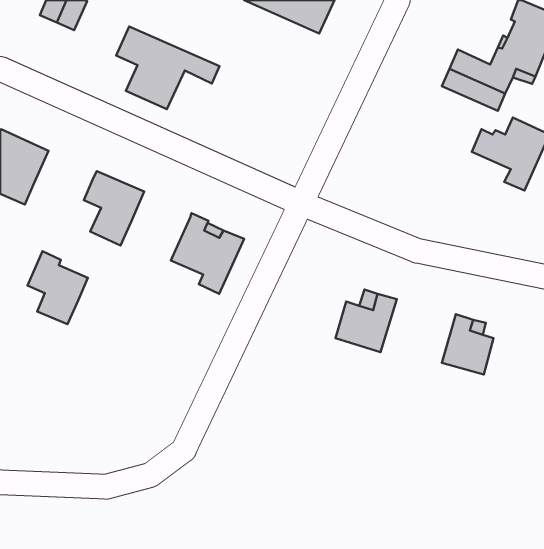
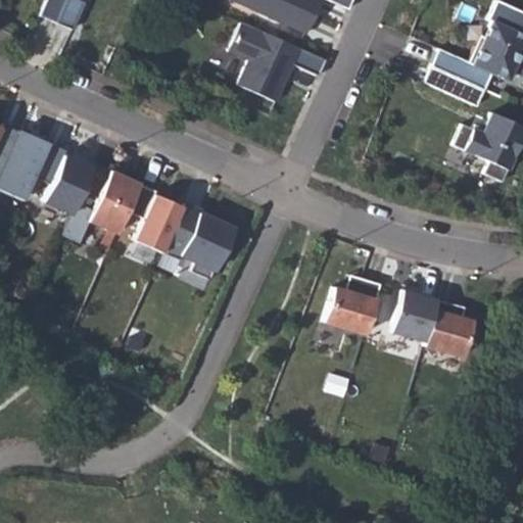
building: [116,26,219,109] -> [230,22,328,101]
building: none -> [130,183,186,252]
building: [28,251,88,324] -> [37,144,94,213]
building: none -> [392,290,438,342]

